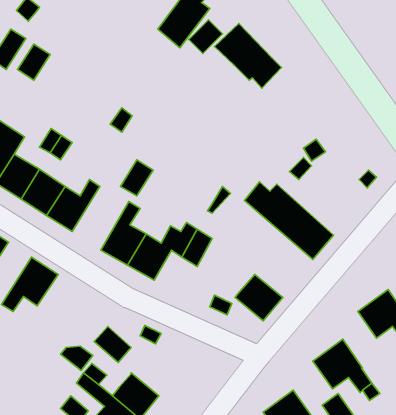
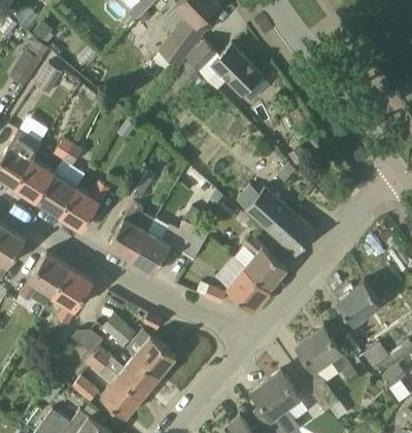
building: none -> [242,236,287,289]
building: none -> [52,268,93,325]
building: none -> [127,330,176,376]

